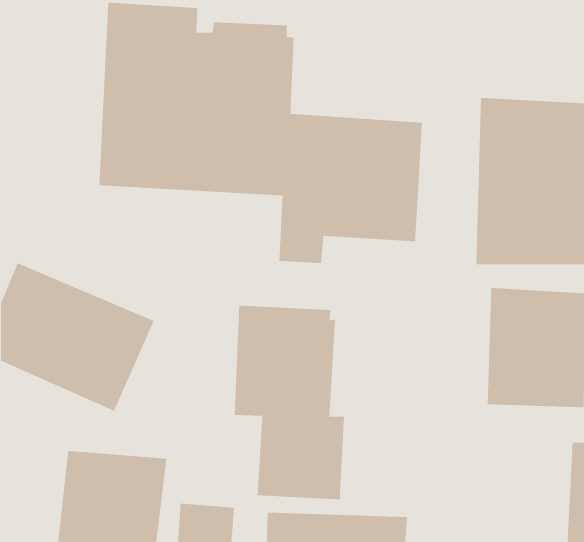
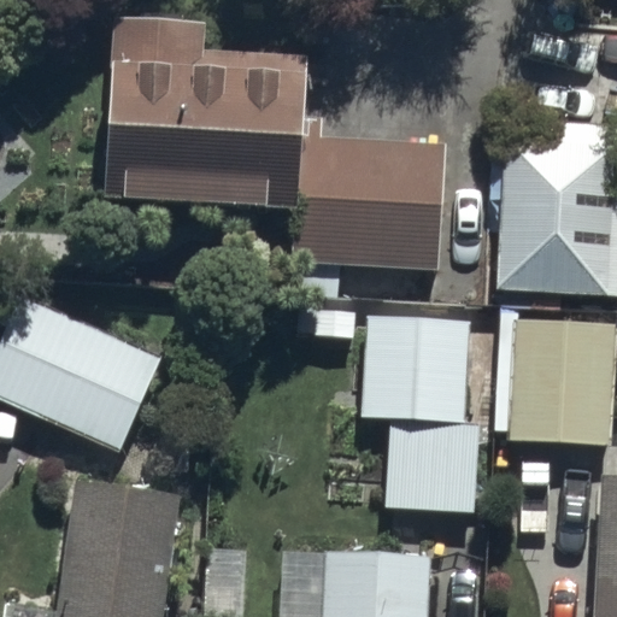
building: [234,305,345,500] -> [363,305,480,510]

